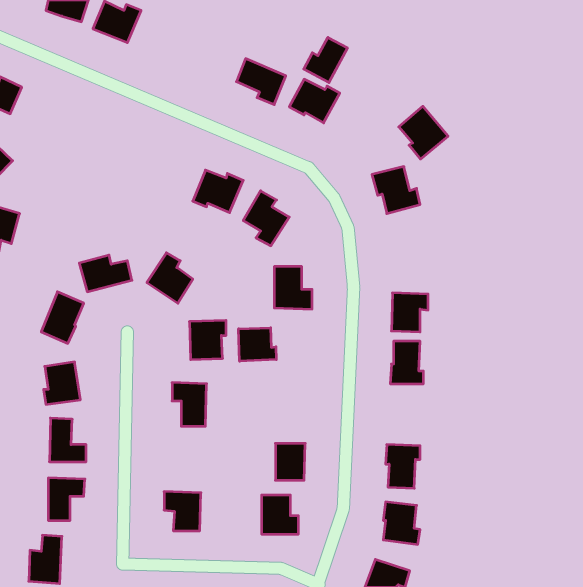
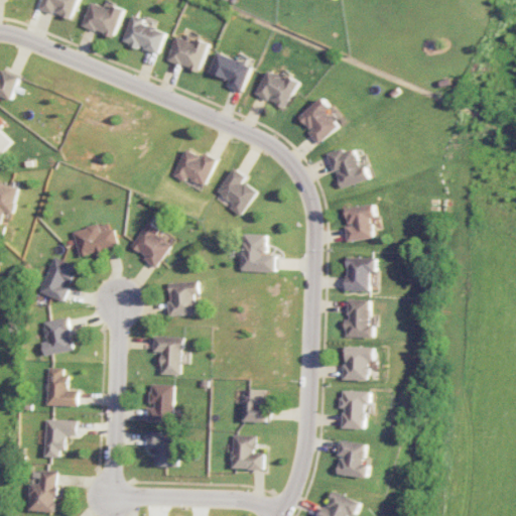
building: none -> [121,14,165,53]
building: [304,37,347,83] -> none
building: none -> [166,36,207,72]
building: [399,106,448,159] -> [298,98,342,144]
building: none -> [343,204,375,241]
building: [239,328,276,361] -> none
building: none -> [342,346,374,380]
building: none -> [144,384,172,422]

